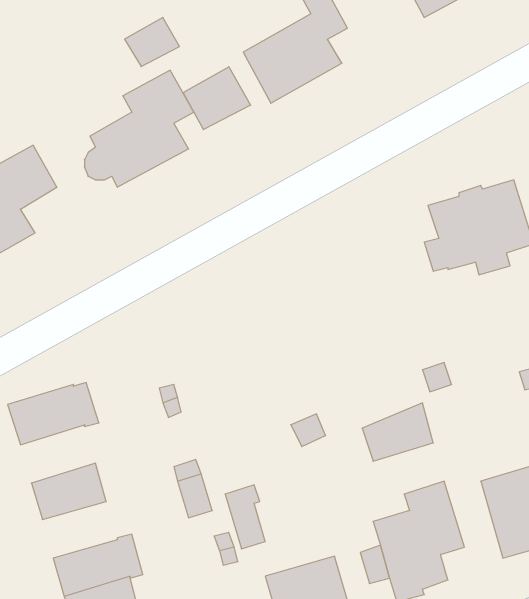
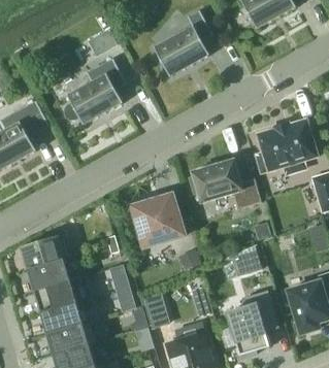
building: [183,67,251,130] -> none
building: none -> [189,160,261,209]
building: none -> [131,193,185,247]
building: none -> [28,258,70,291]
building: none -> [40,301,83,333]

